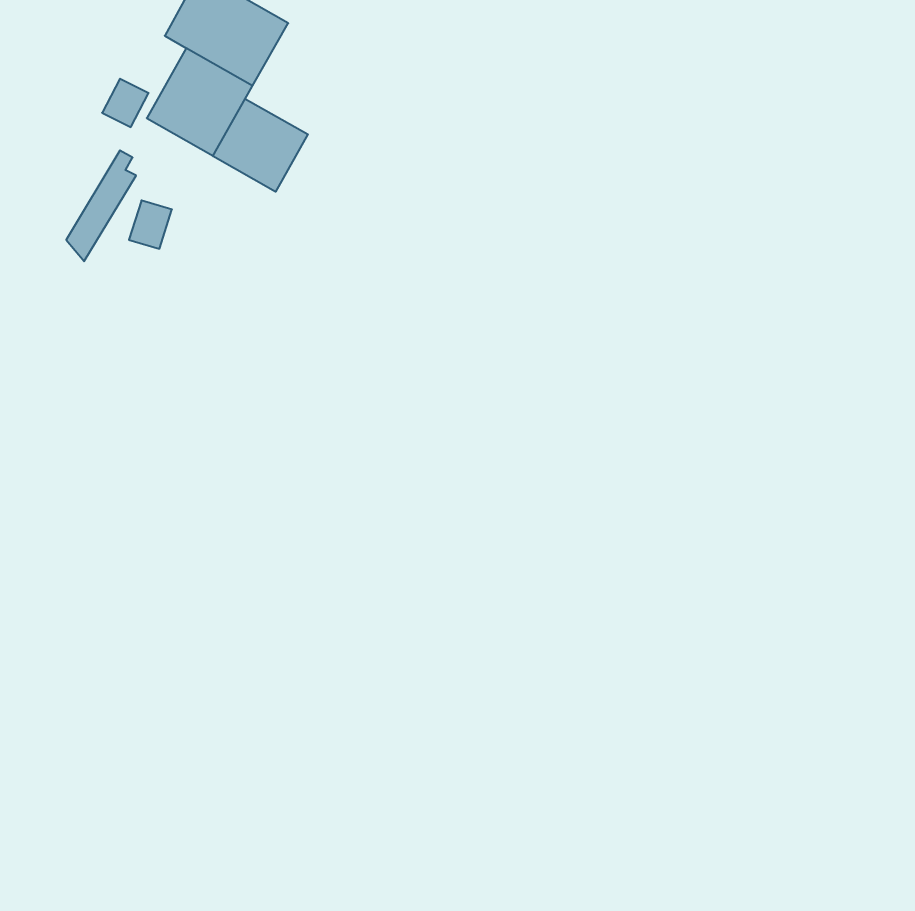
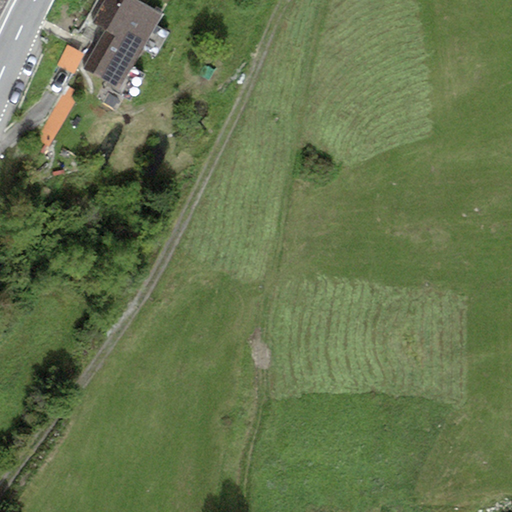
building: [213,99,308,192] -> none

